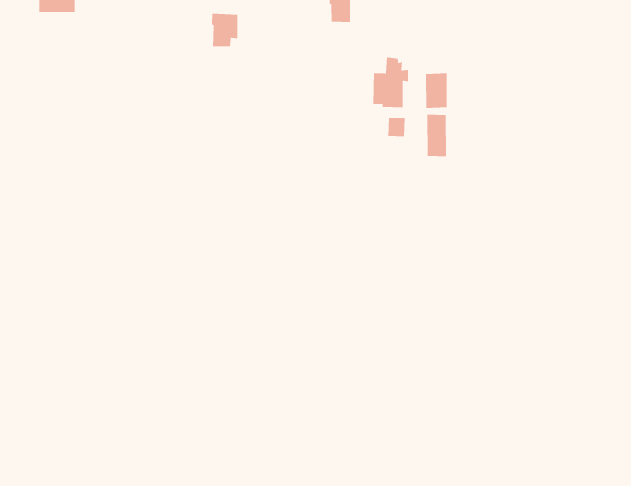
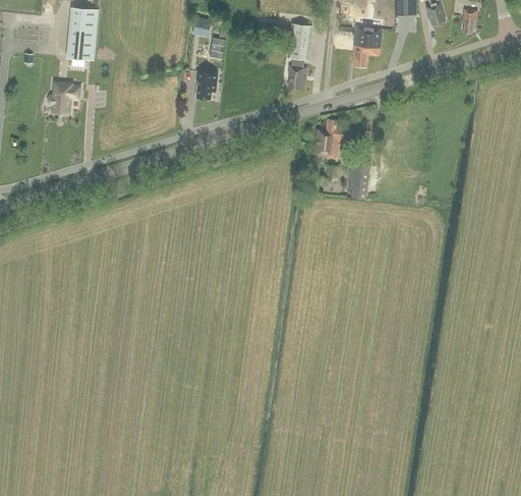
building: none -> [47,80,81,114]
building: [425,73,448,109] -> none

